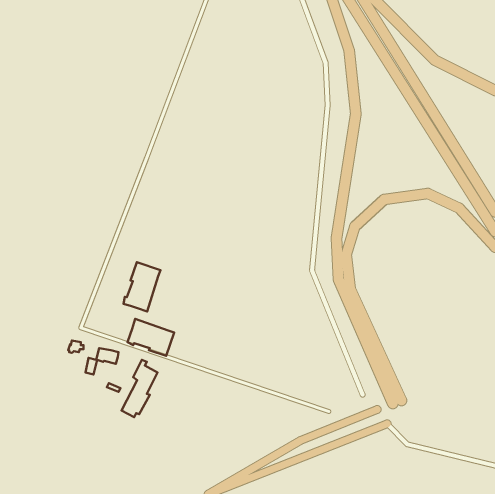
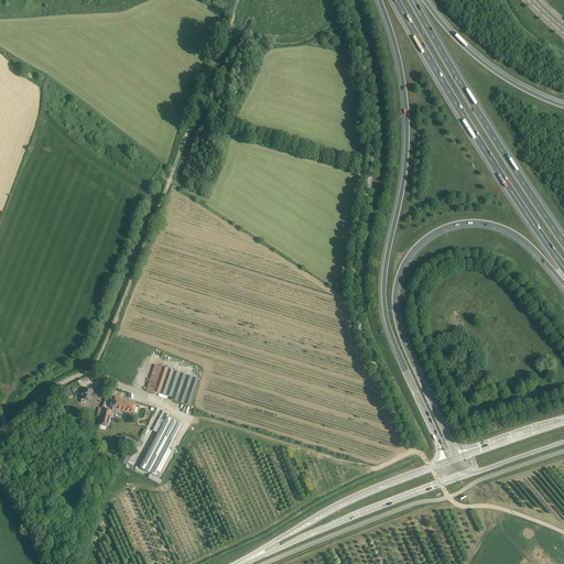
building: [123,262,160,312] -> none

